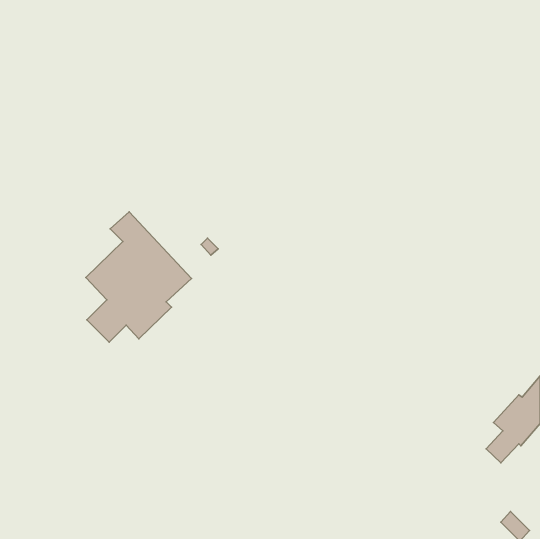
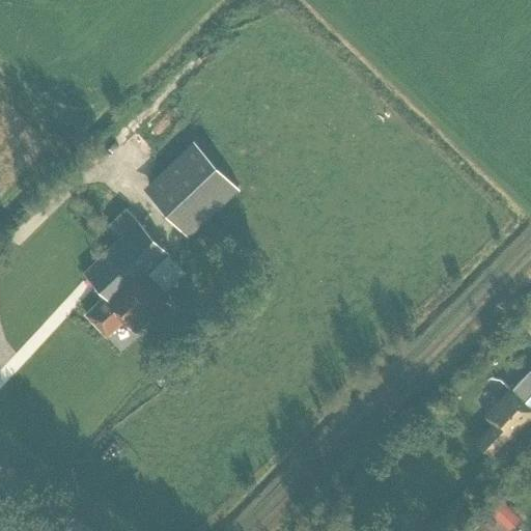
building: none -> [143,141,240,237]

